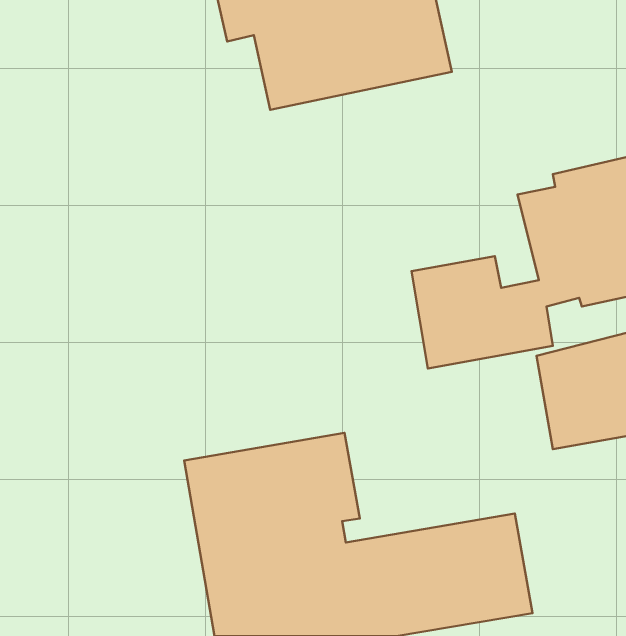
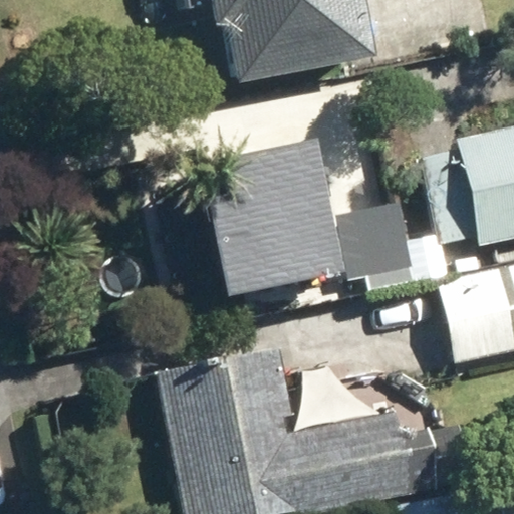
building: none -> [203,138,344,300]

